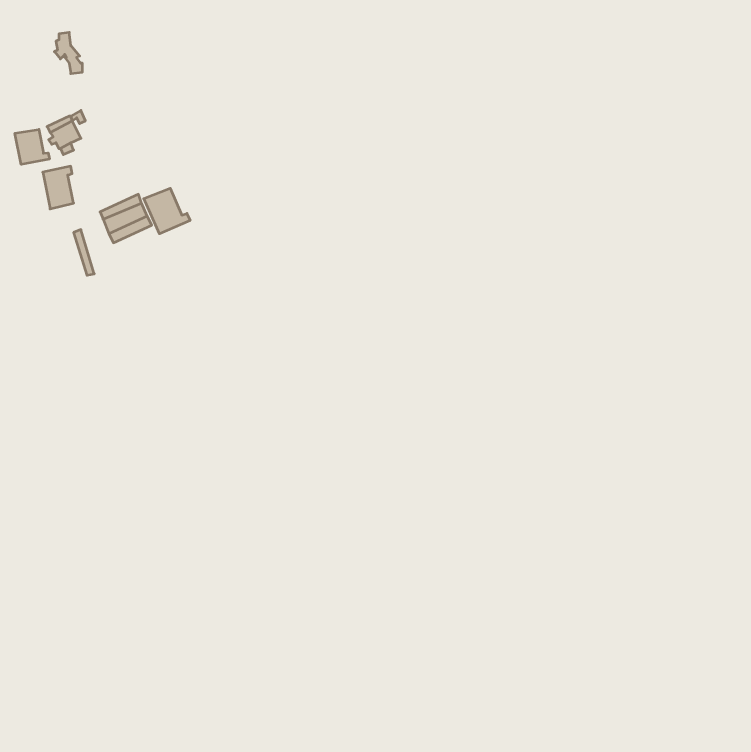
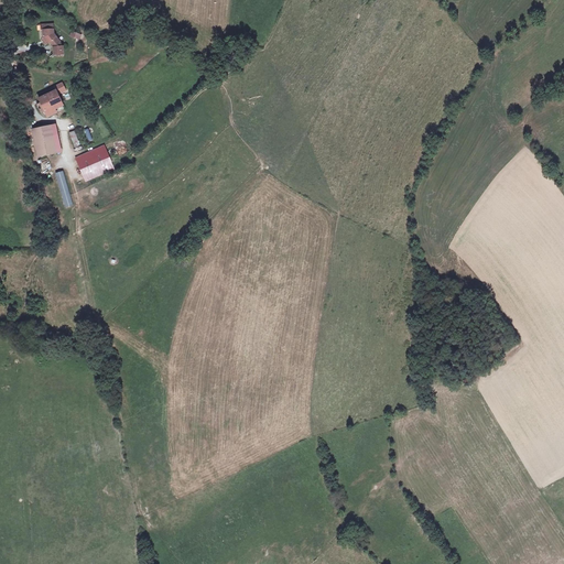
building: [15,129,49,164] -> none
building: [144,188,190,234] -> none

